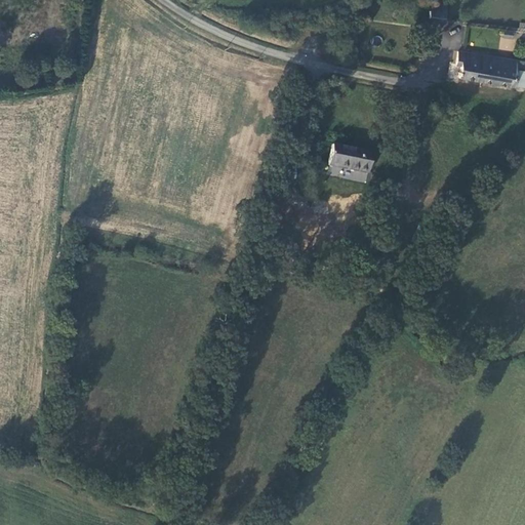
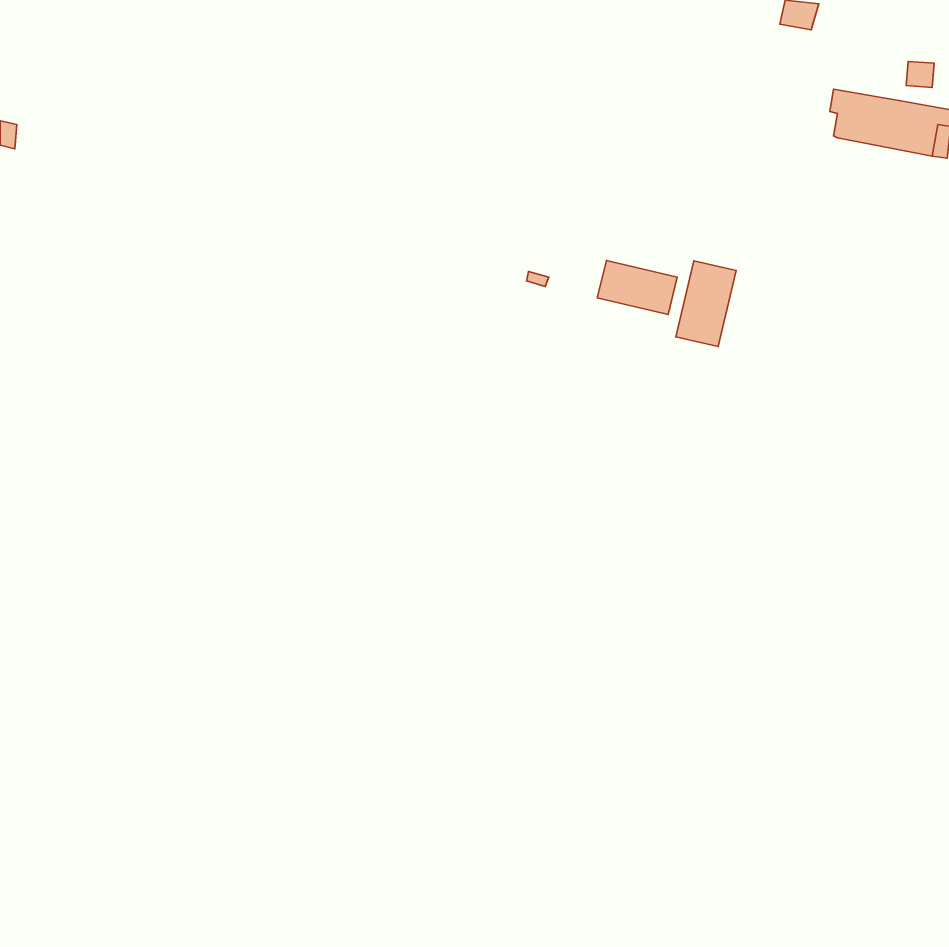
building: none -> [676,261,736,346]

